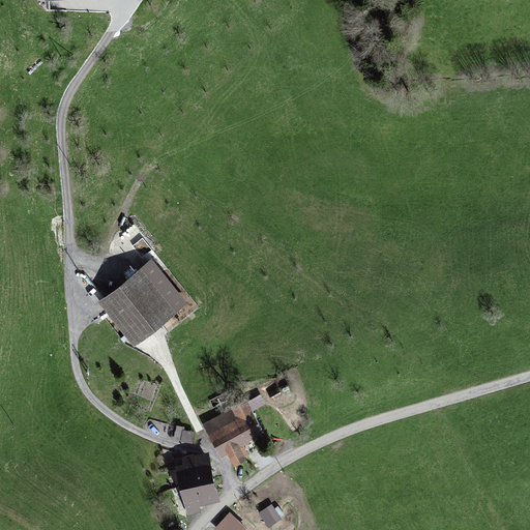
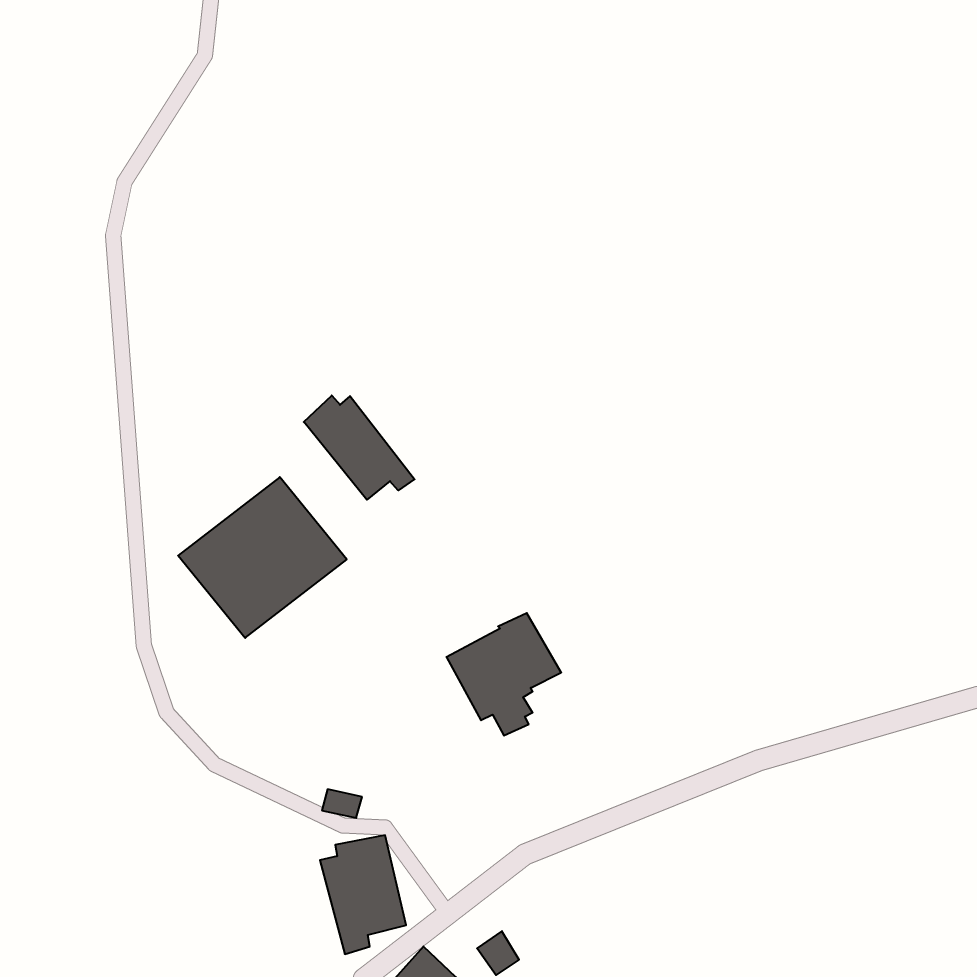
building: none -> [304,395,415,500]
building: [202,401,264,467] -> [446,613,561,736]

